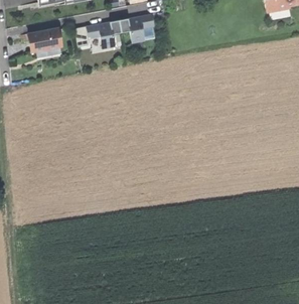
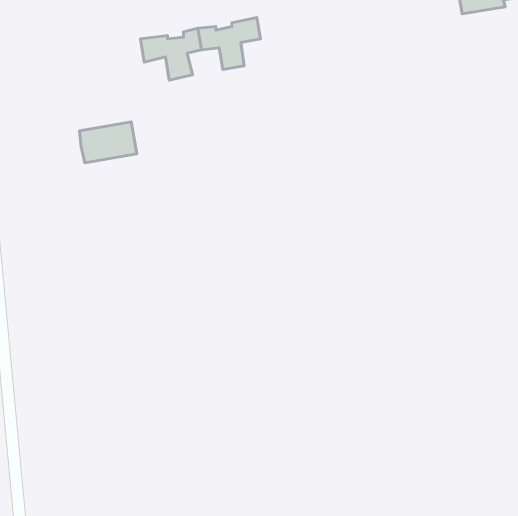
building: [29,27,61,50] -> [79,122,137,163]

